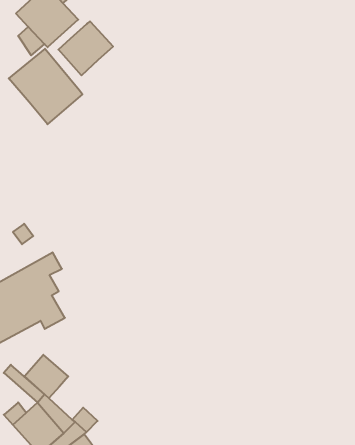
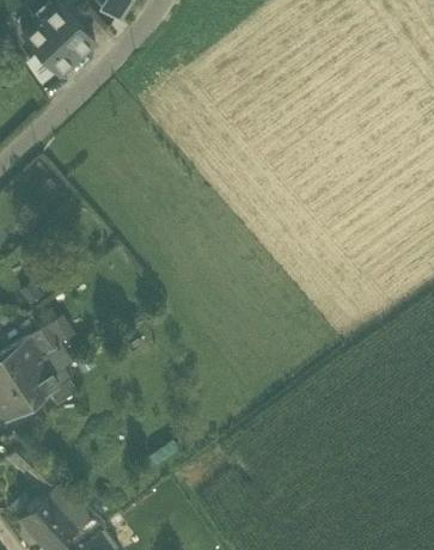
building: [58,21,113,75] -> none
building: [9,49,82,124] -> none
building: [24,355,68,398] -> none

